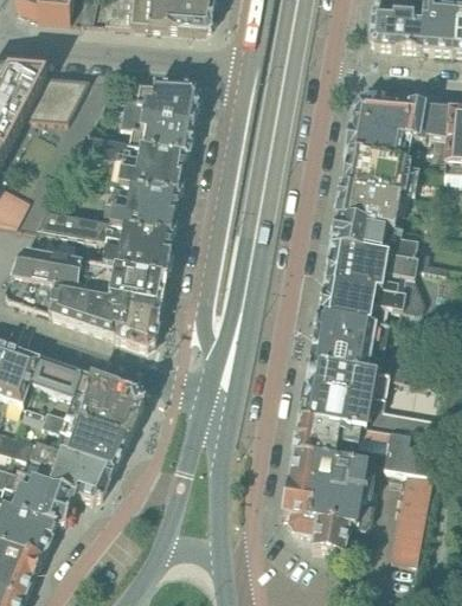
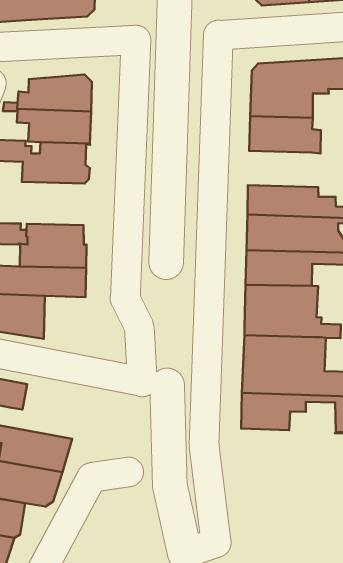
building: [98,176,178,230] -> none
building: [335,181,404,226] -> none
building: [116,292,162,344] -> none
building: [66,375,143,434] -> none
building: [283,449,373,549] -> none

